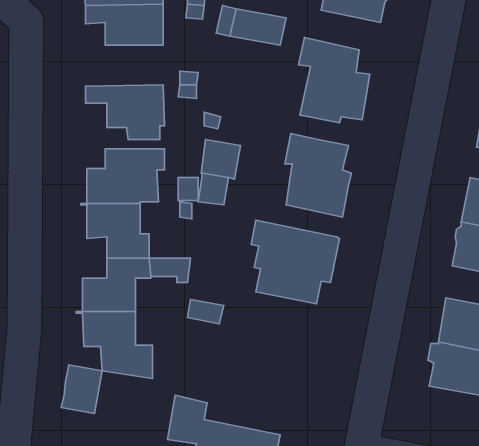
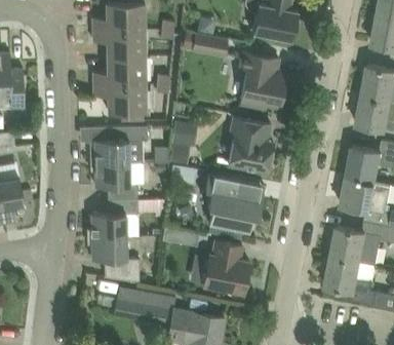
building: none -> [92,58,145,85]
building: none -> [200,241,248,294]
building: [61,365,102,413] -> [112,288,140,320]

